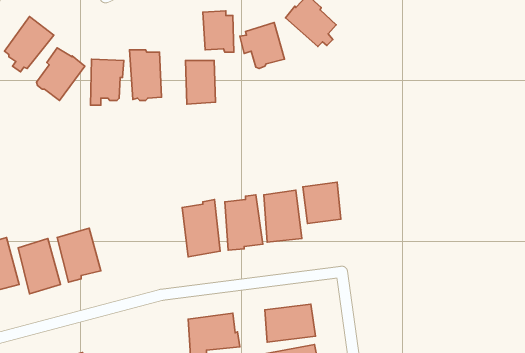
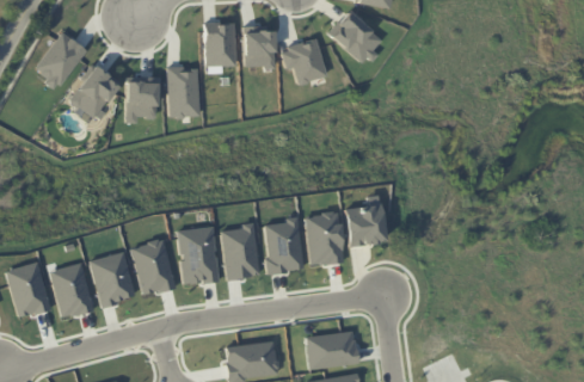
building: [186,61,215,104] -> [204,21,235,67]
building: none -> [178,226,220,285]
building: none -> [133,238,177,295]

